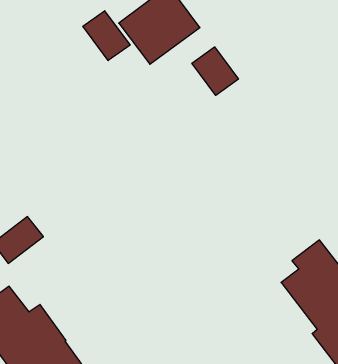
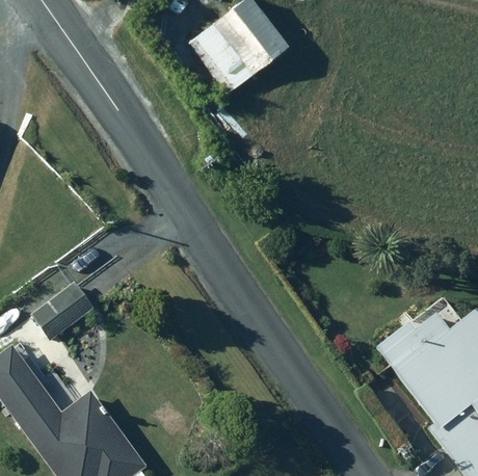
building: [83,11,130,61] -> none
building: [192,47,238,95] -> none

